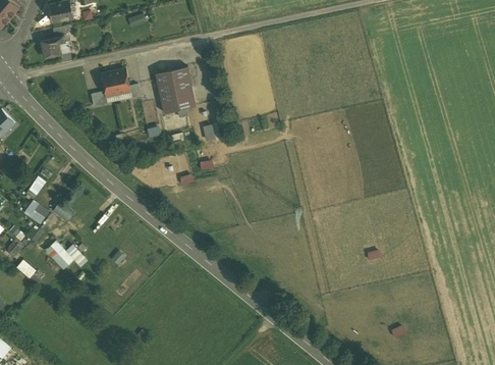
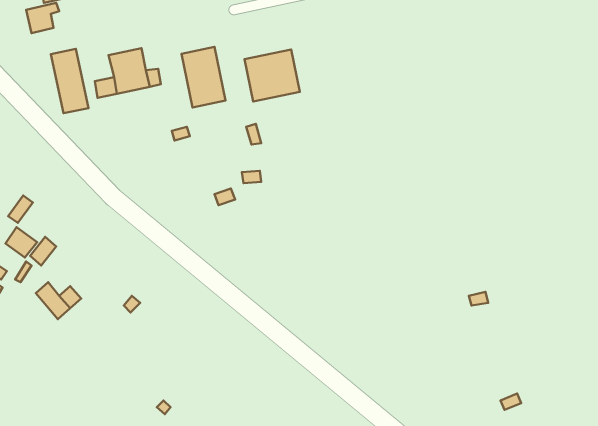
building: none -> [51,49,89,113]
building: none -> [245,50,300,101]

